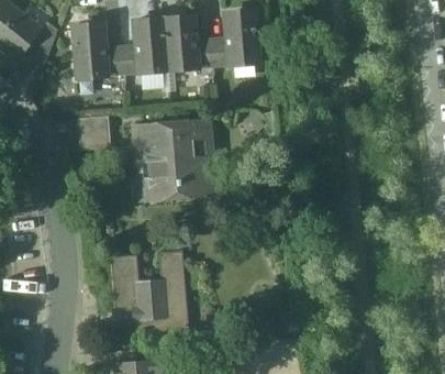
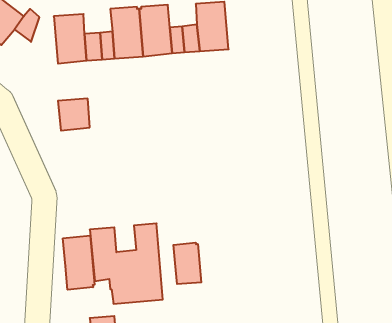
building: [134,121,210,194] -> none
building: none -> [63,235,95,290]
building: none -> [173,243,201,284]

